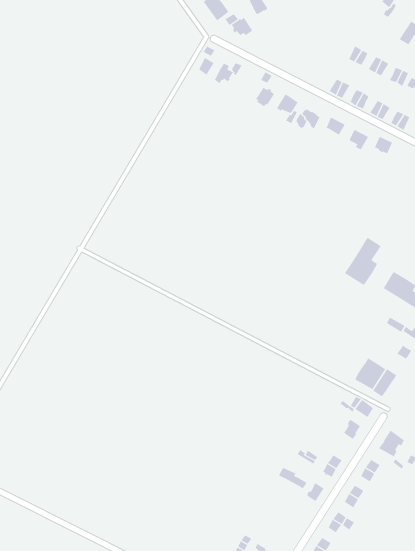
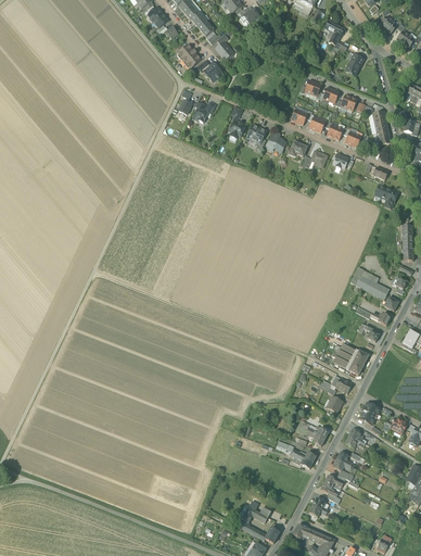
building: [344,237,381,286] -> none

